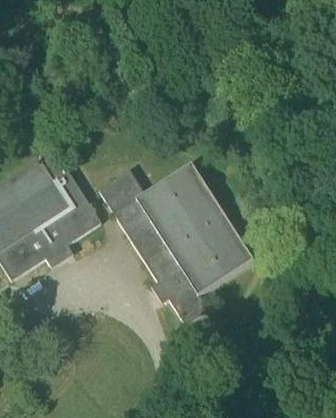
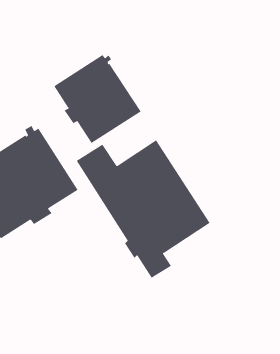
building: none -> [53,54,142,144]

